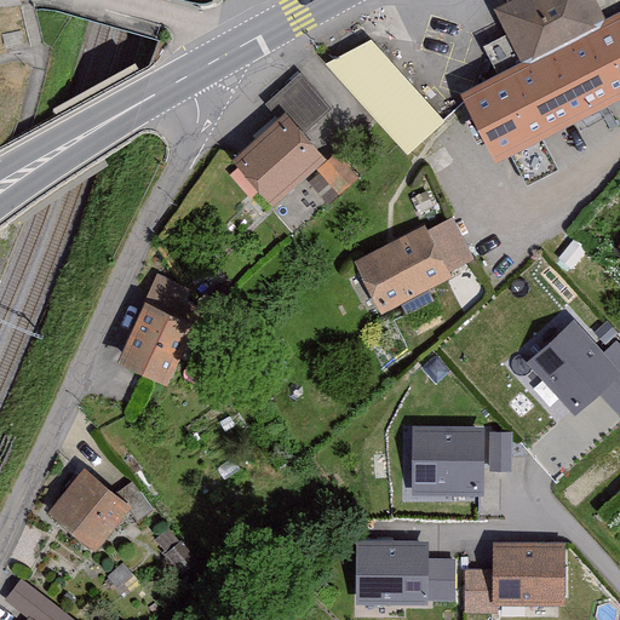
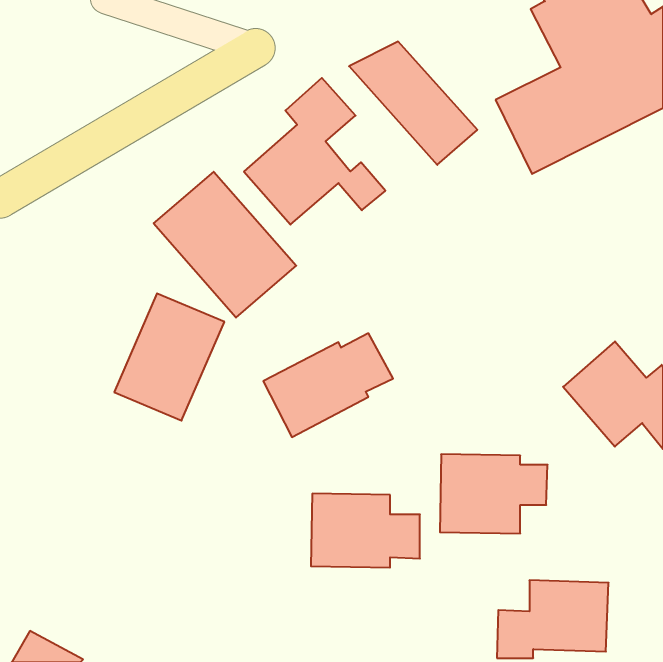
building: none -> [154,172,296,318]
building: [355,216,476,312] -> [263,333,393,437]
building: [34,471,133,570] -> none
building: [354,539,455,608] -> [311,494,420,568]

